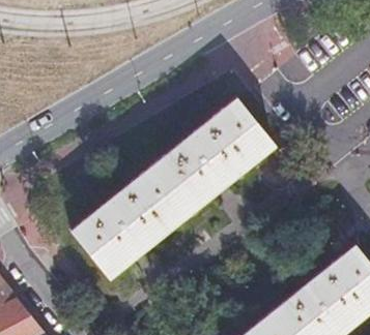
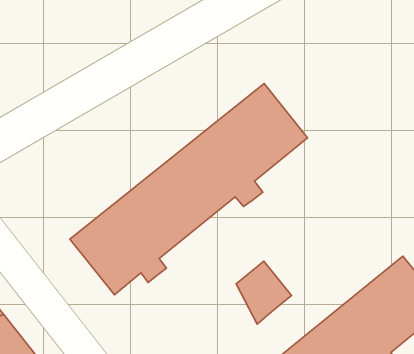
building: none -> [236,261,291,324]

